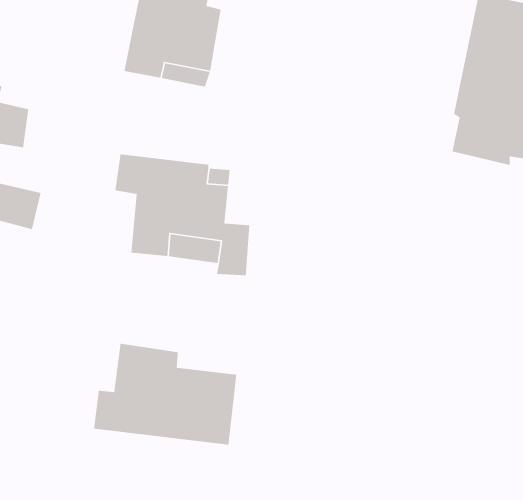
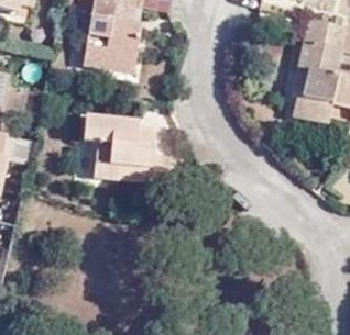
building: [93,343,237,445] -> none

